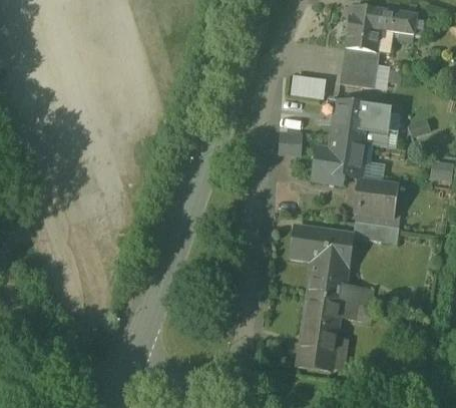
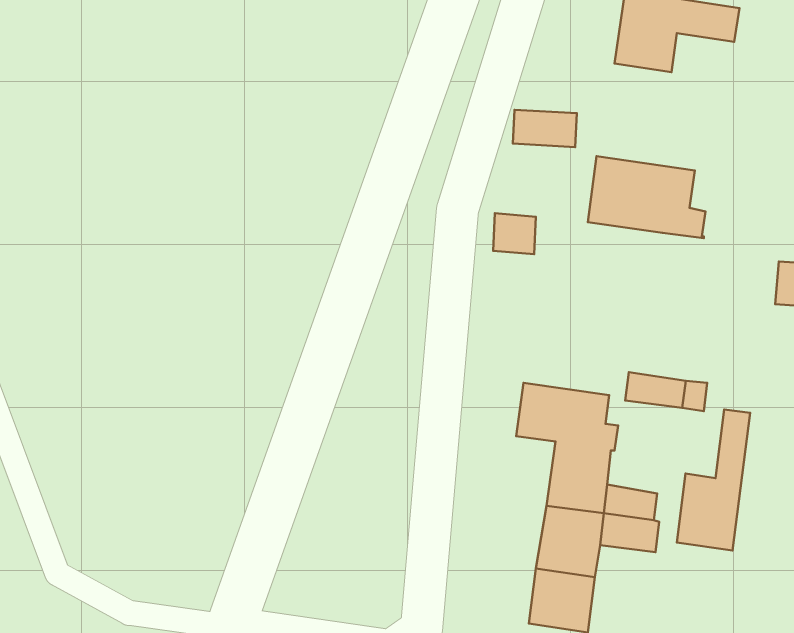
building: [341,47,381,88] -> none
building: [312,136,373,182] -> none
building: [356,178,398,214] -> none
building: none -> [677,410,750,550]

